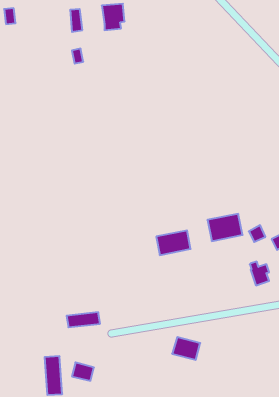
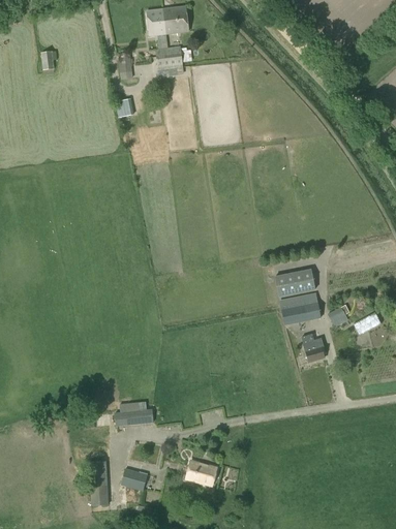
building: [156,230,191,255] -> [275,268,315,297]
building: [250,262,269,285] -> [302,334,325,362]
building: [172,337,200,360] -> [185,459,218,486]

